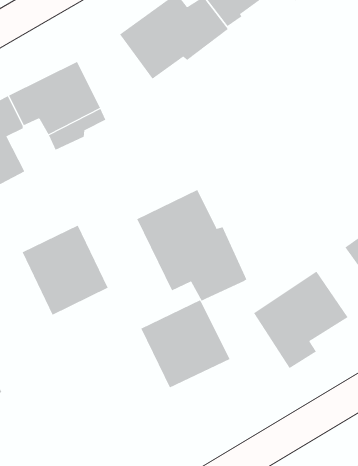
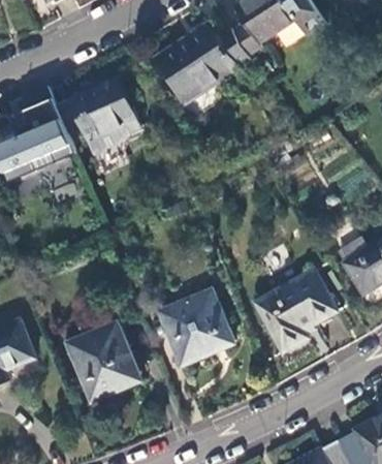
building: [137,189,247,301] -> none
building: [22,225,109,315] -> [66,320,138,397]

